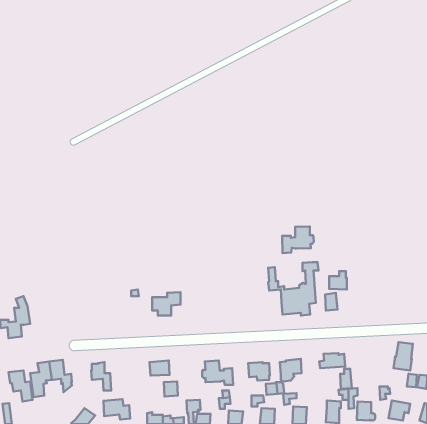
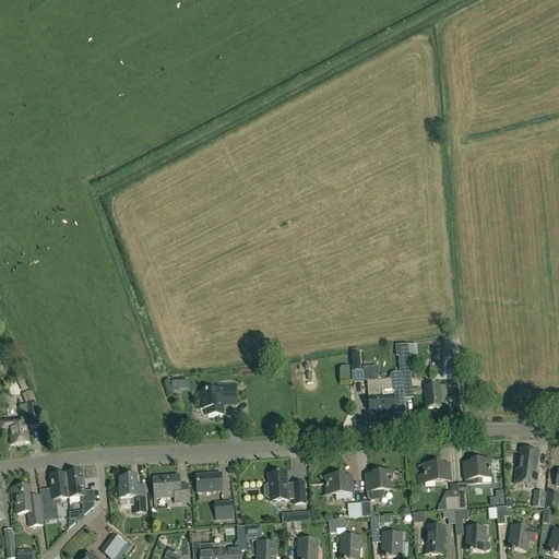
building: [282,227,314,253] -> none
building: none -> [464,457,491,478]
building: [103,399,130,419] -> [153,475,188,501]

